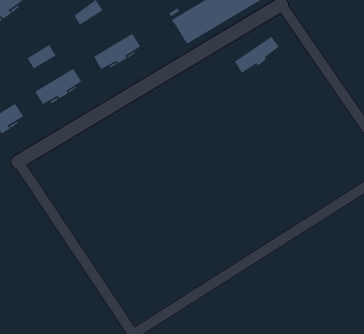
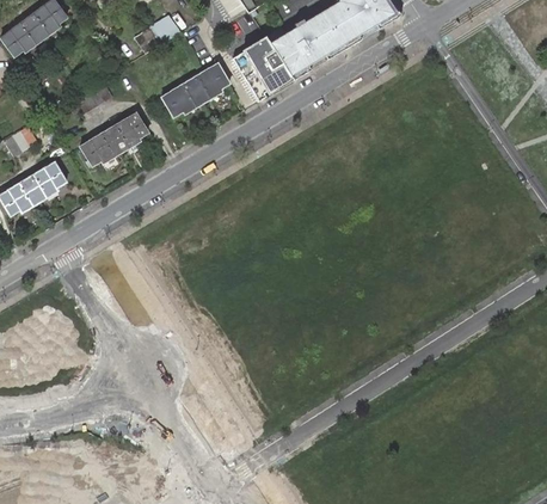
building: none -> [233,37,290,96]
building: [234,36,280,74] -> none

